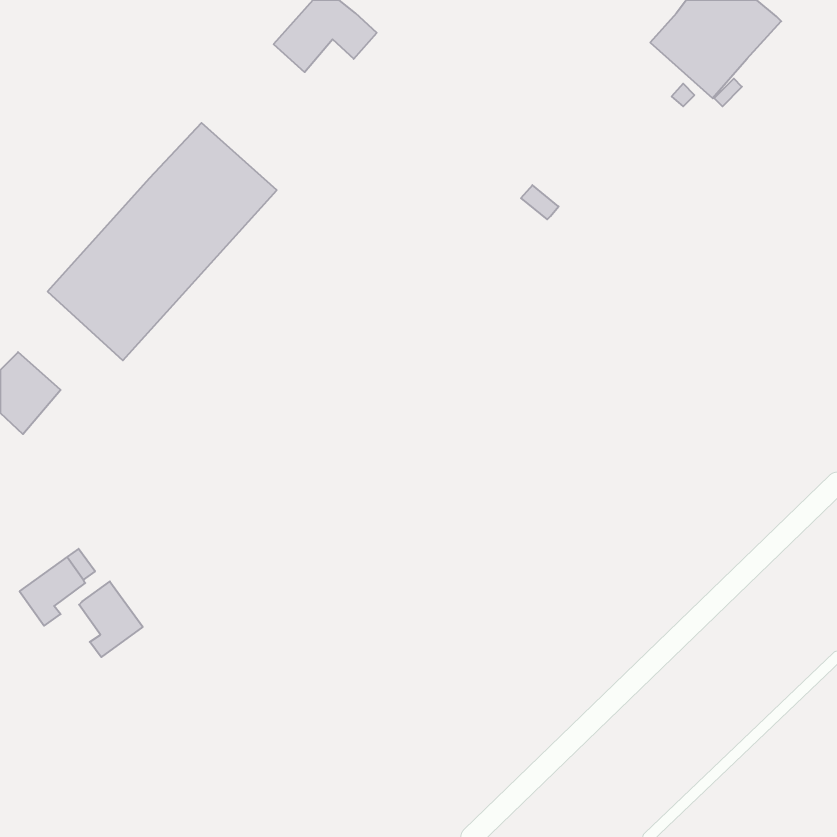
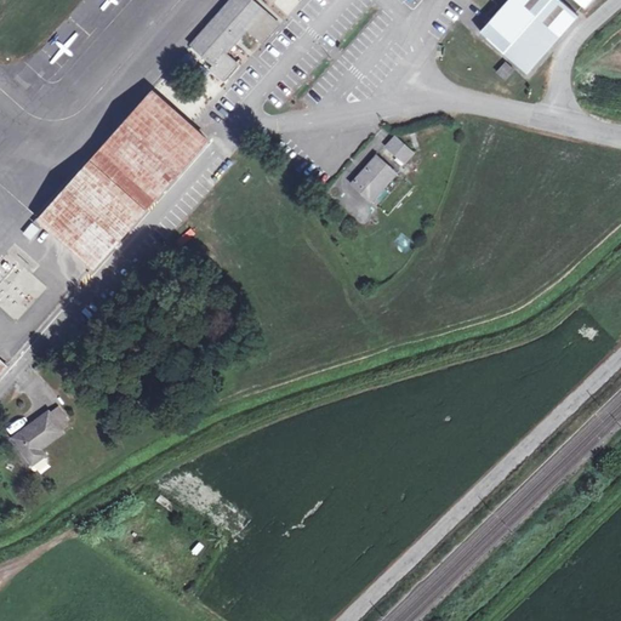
building: none -> [192,33,238,80]
building: none -> [353,156,397,201]
building: [79,581,143,657] -> none

